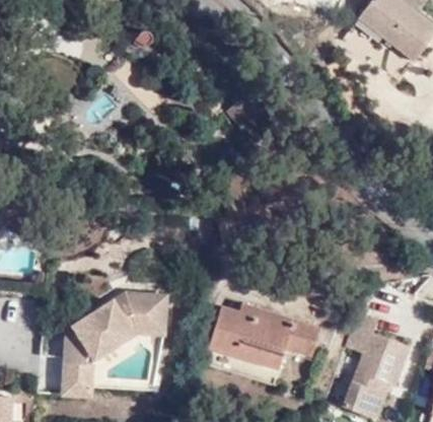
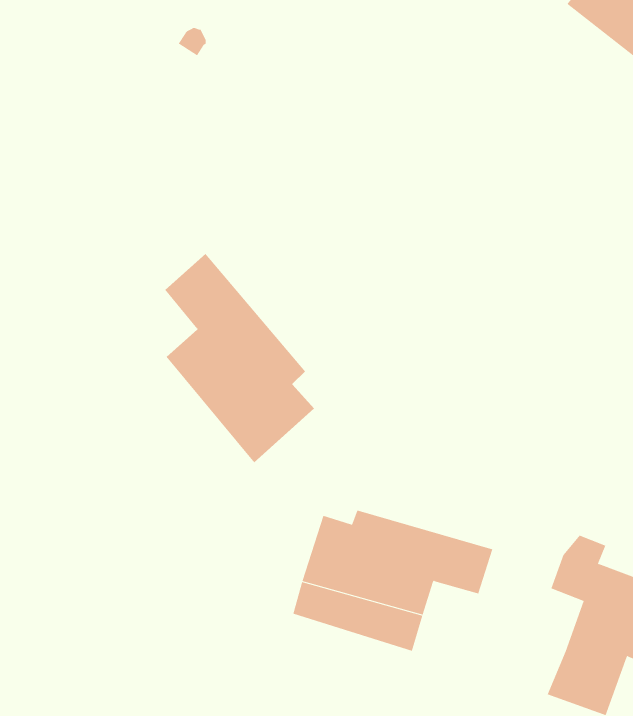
building: none -> [164,253,315,463]
building: [62,291,165,396] -> none

